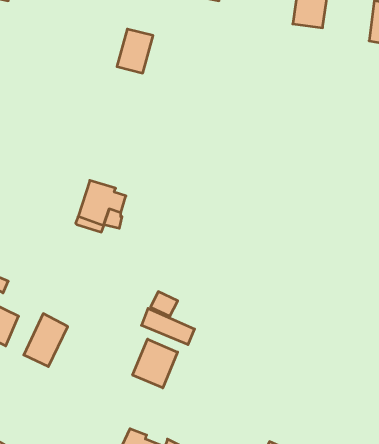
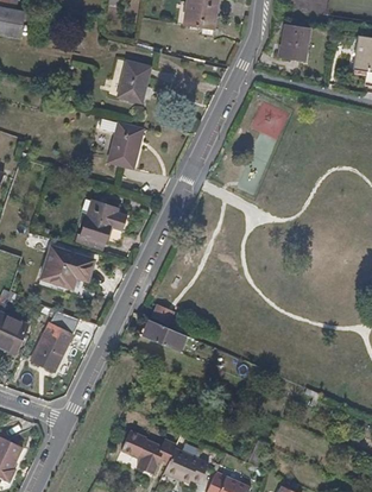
building: none -> [111,118,147,164]
building: none -> [40,246,94,289]
building: [133,339,178,388] -> none

